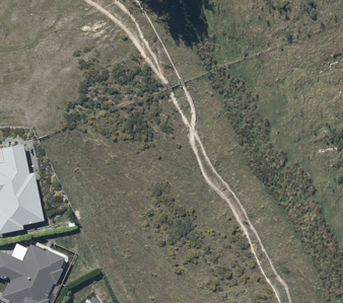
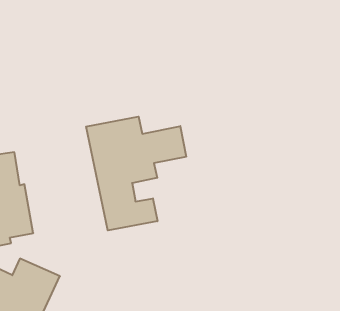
building: none -> [86,117,186,230]

